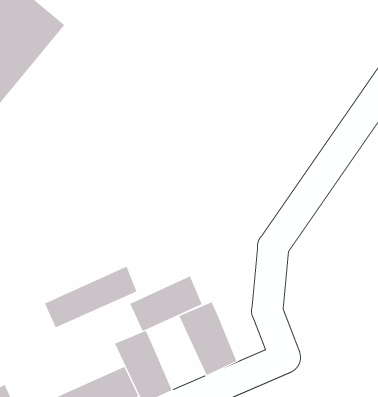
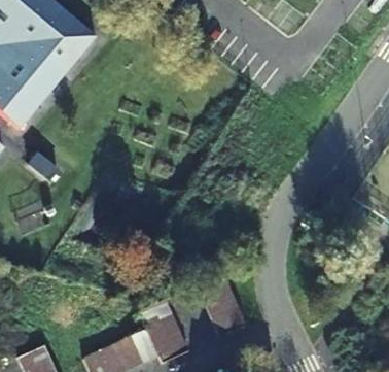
building: [44,266,137,328] -> none
building: [129,276,203,332] -> none

